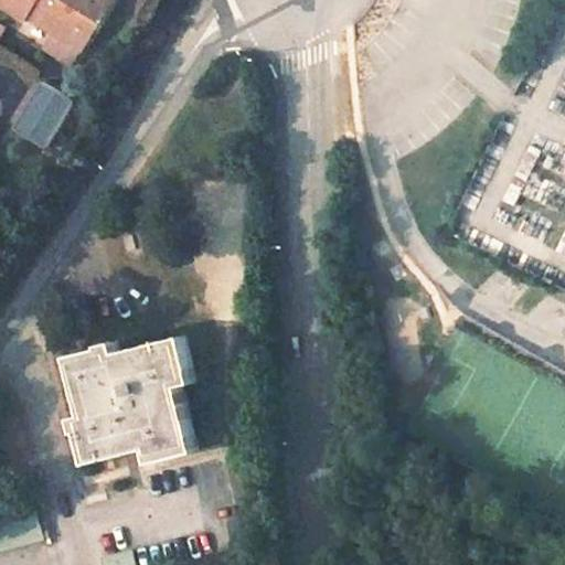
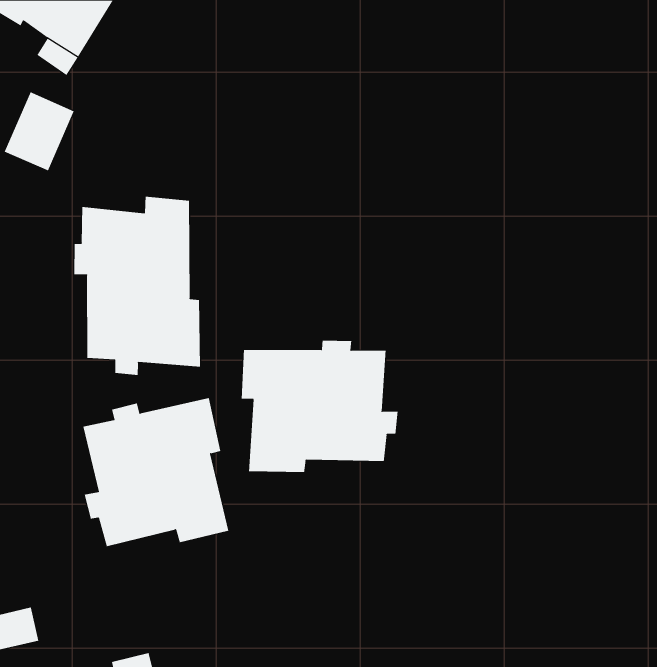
building: none -> [74,196,201,376]
building: none -> [241,340,398,473]

